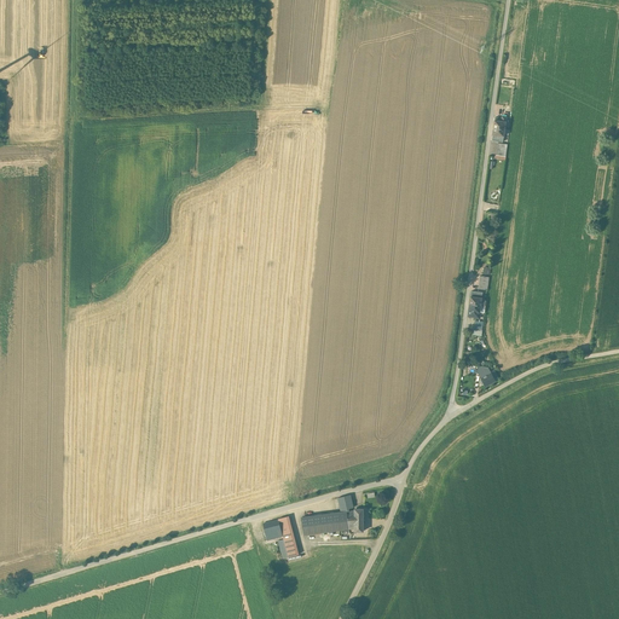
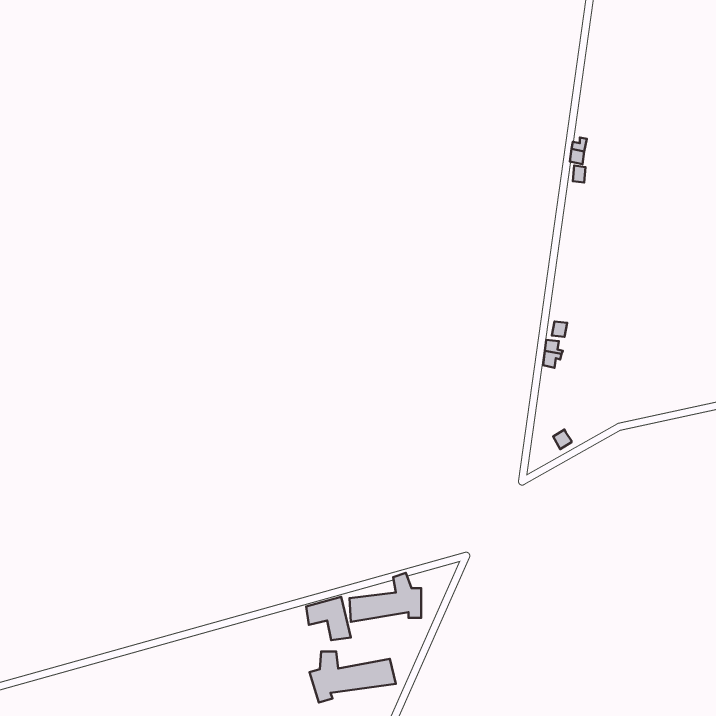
building: none -> [309,651,396,703]

